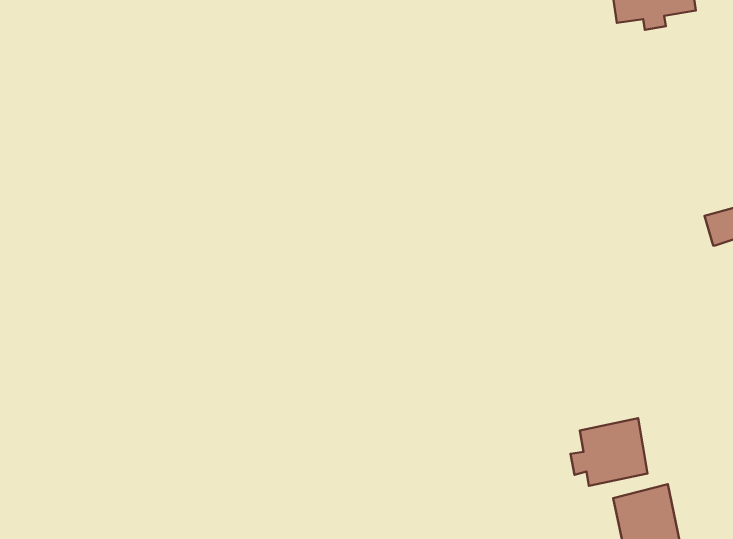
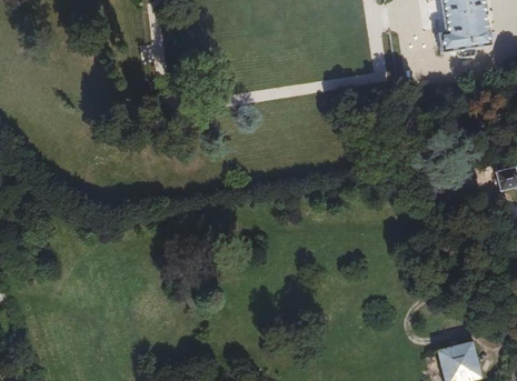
building: [571,418,647,486] -> none

